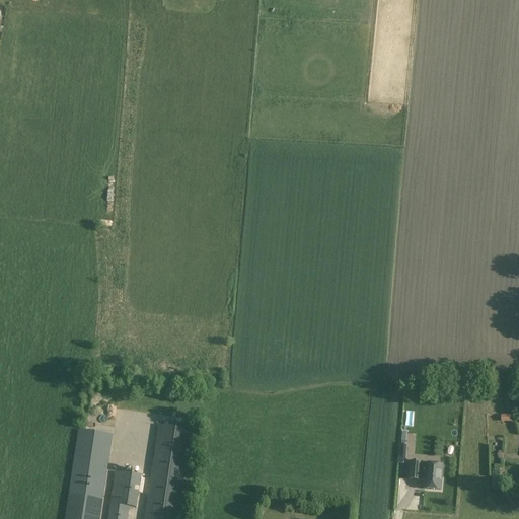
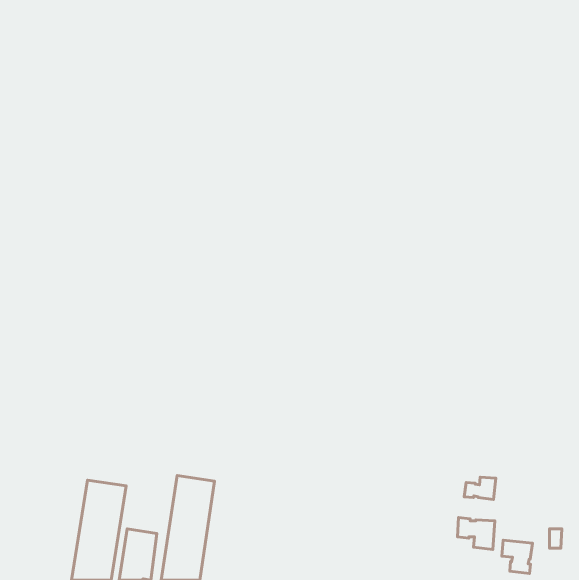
building: none -> [464,477,496,500]
building: none -> [502,540,532,574]

